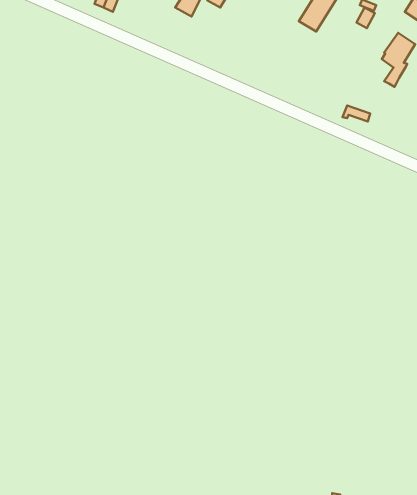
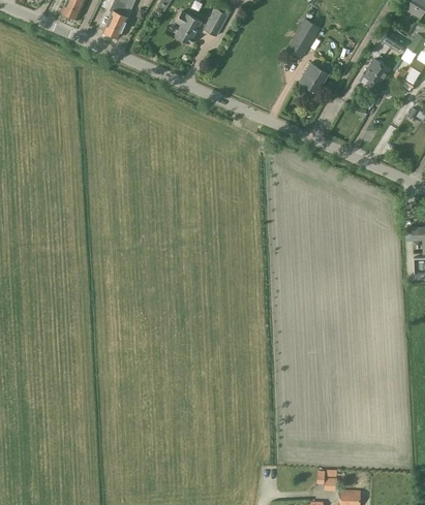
building: none -> [300,62,329,92]

